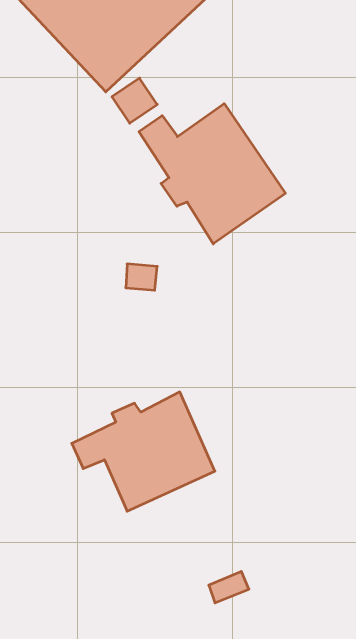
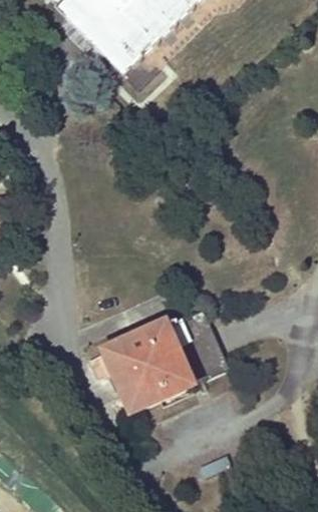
building: [139,104,285,244] -> none

